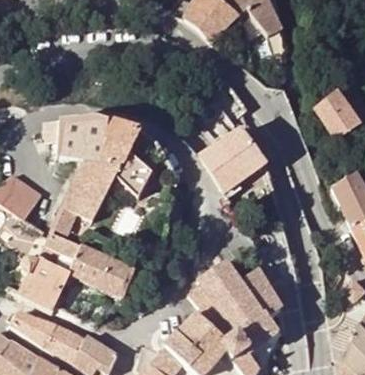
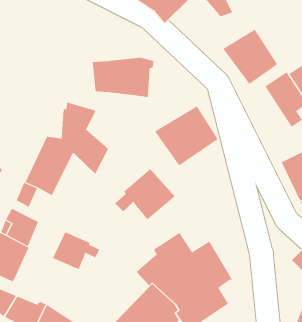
building: none -> [222,29,278,85]
building: [42,119,107,161] -> [92,57,154,97]
building: none -> [114,168,176,220]
building: [67,246,105,286] -> none

